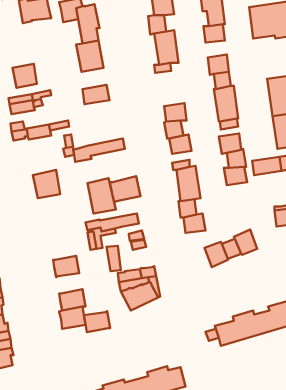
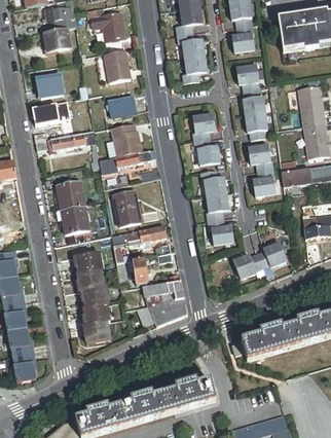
building: none -> [43,28,70,51]
building: none -> [109,122,141,156]
building: [110,176,141,202] -> none
building: none -> [63,206,90,233]
building: none -> [77,251,104,272]
building: [84,311,110,332] -> [83,285,110,306]

